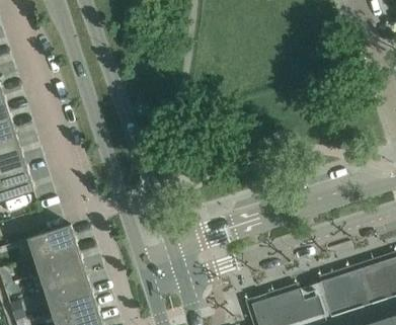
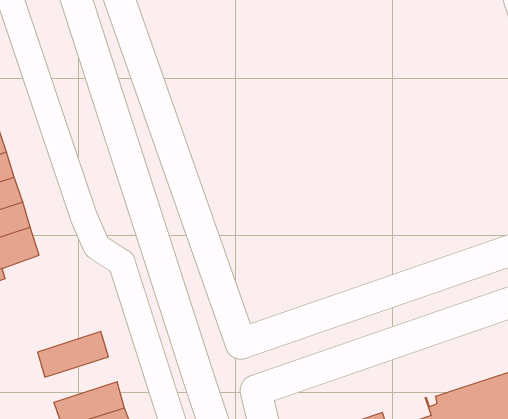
building: [26,224,76,256] -> none
building: [37,259,87,291] -> none

